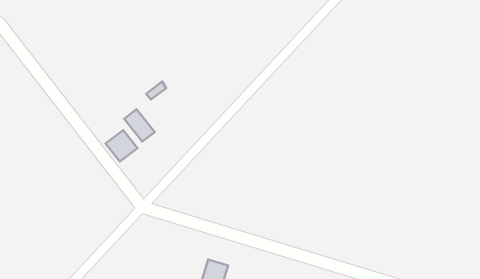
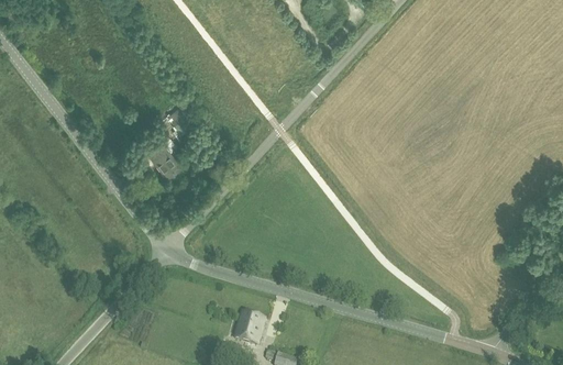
building: [106,130,137,162] -> none

